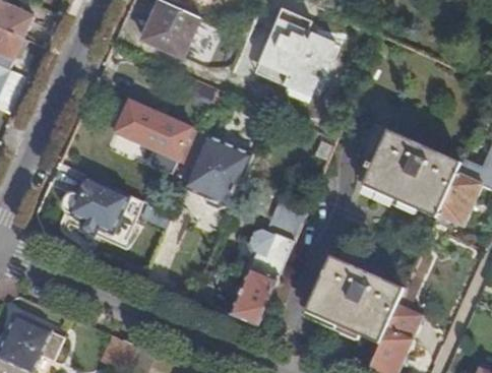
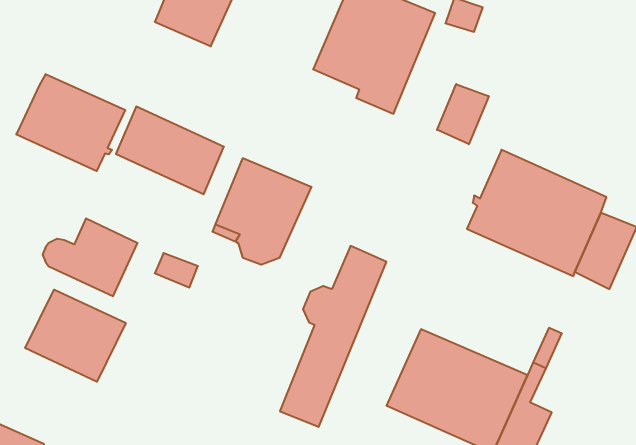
building: none -> [16,74,125,171]
building: none -> [437,84,489,144]
building: none -> [25,290,126,382]

